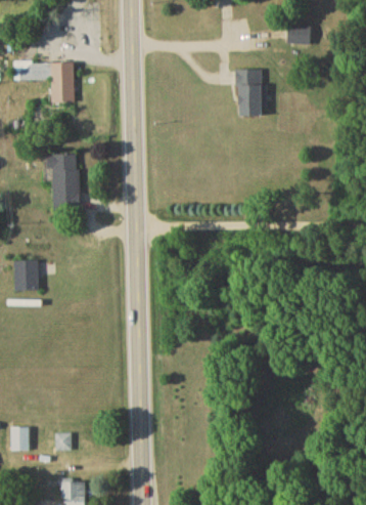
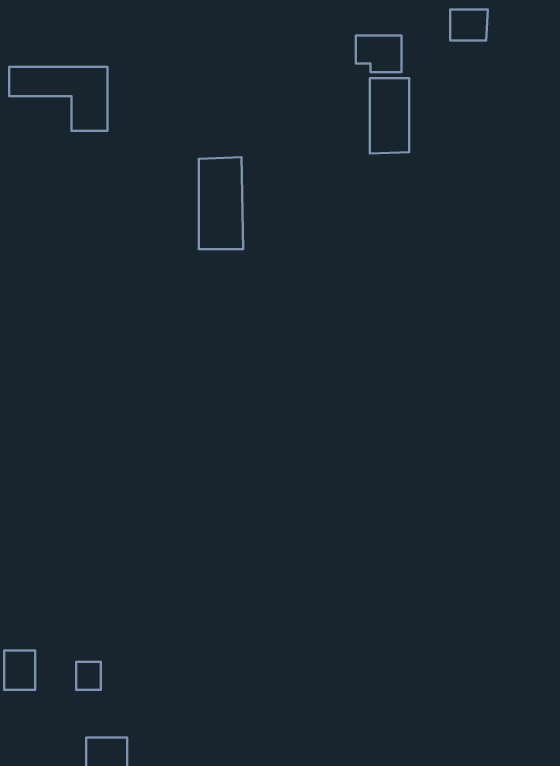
building: none -> [356,36,401,72]
building: [51,153,79,210] -> [199,157,243,249]
building: [13,261,38,290] -> none

